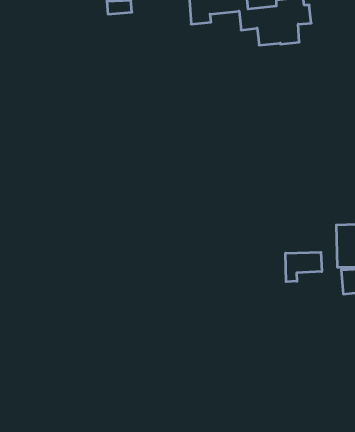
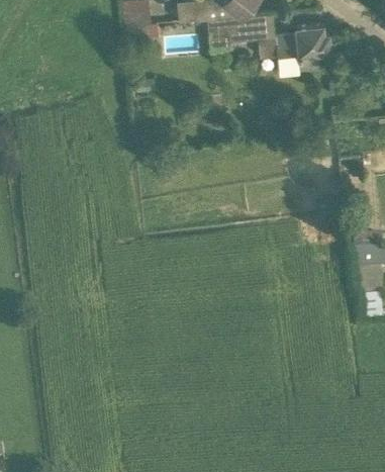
building: [286,252,322,282] -> none

